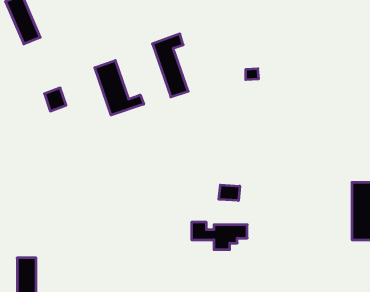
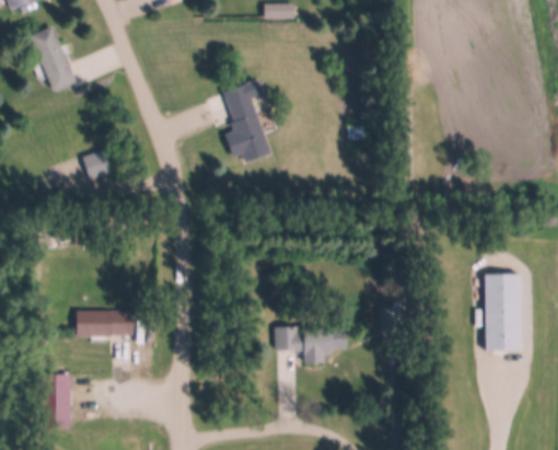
building: [95,60,144,115] -> none
building: [219,185,240,201] -> none
building: none -> [77,310,132,335]

